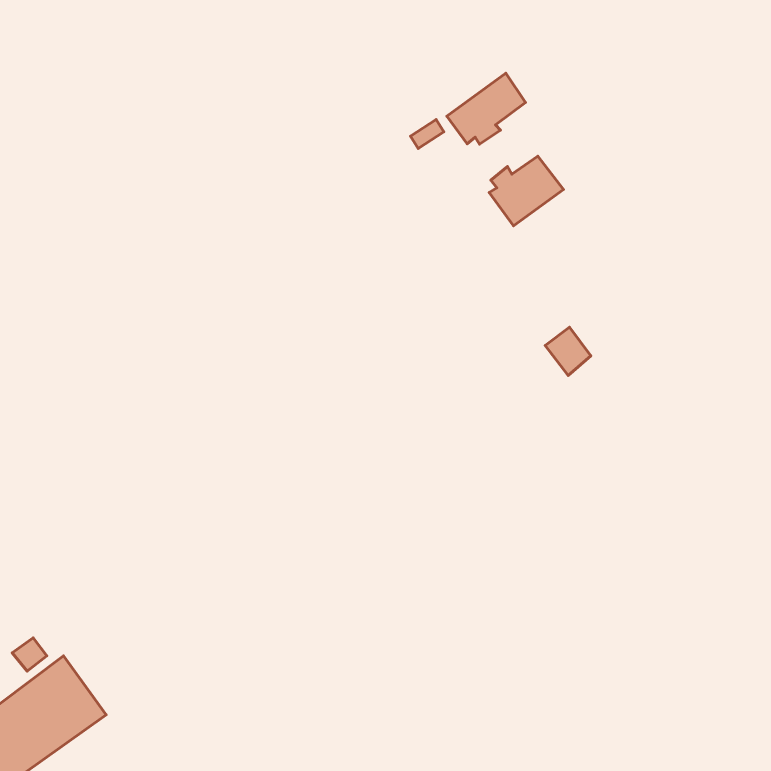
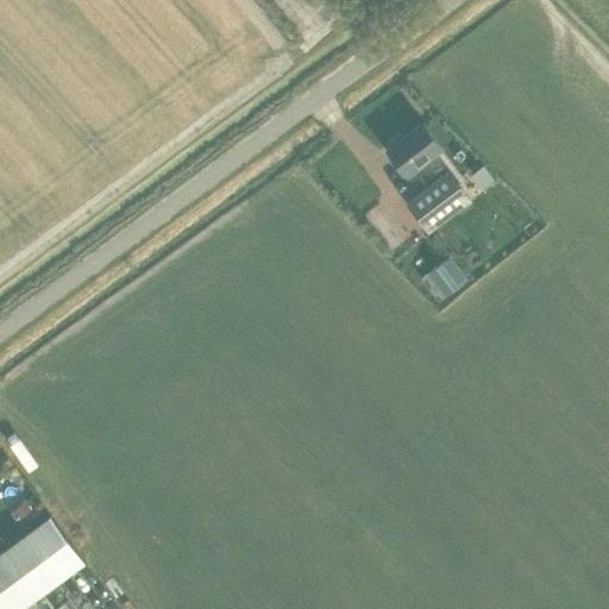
building: [447,73,525,144] -> none
building: none -> [404,175,467,234]

